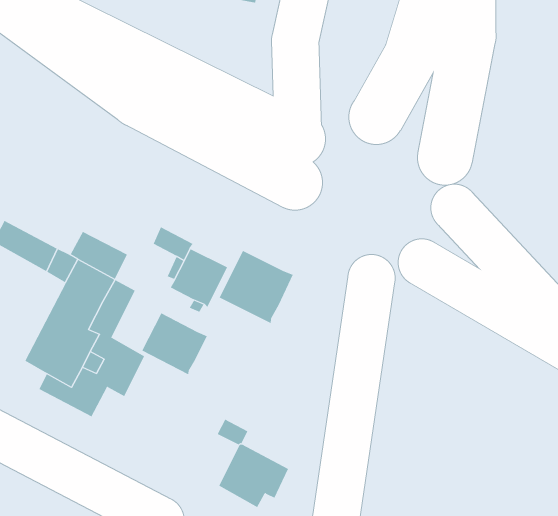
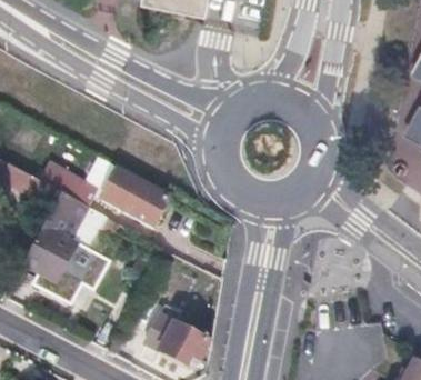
building: [219,250,294,324] -> none
building: [141,313,207,375] -> none

